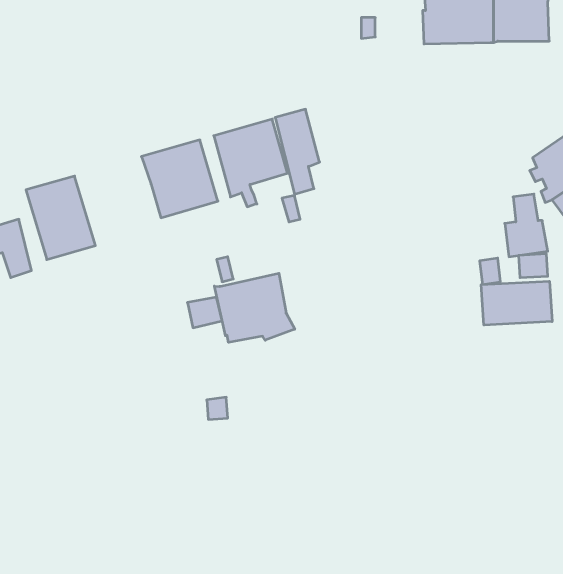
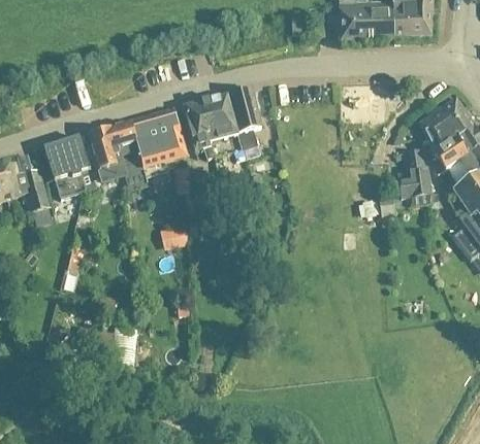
building: none -> [88,121,136,180]
building: [214,273,295,342] -> none
building: [481,281,552,325] -> none

